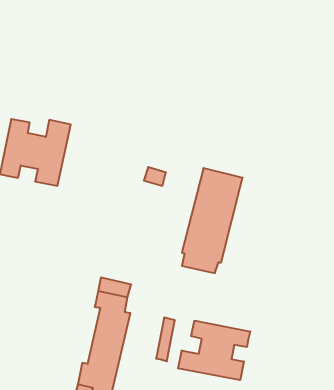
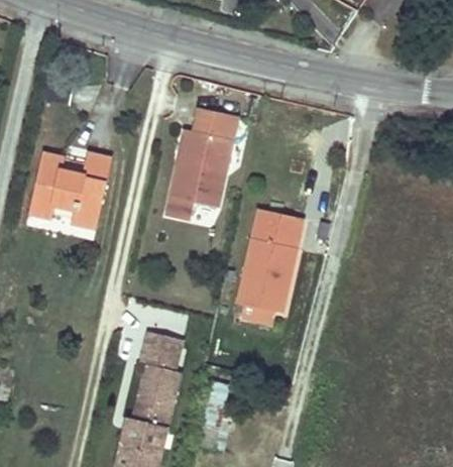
building: none -> [164,104,235,221]
building: [178,321,250,380] -> none

